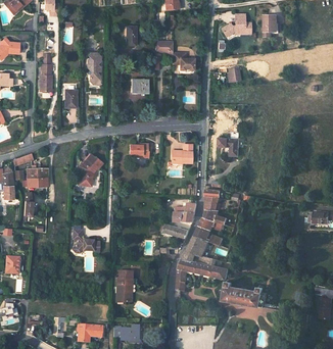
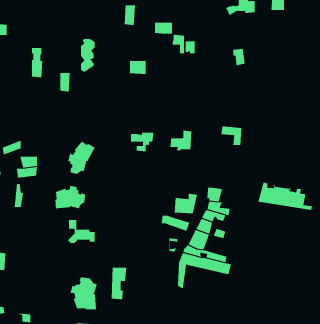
building: none -> [55,185,86,209]
building: none -> [70,276,97,310]
building: [222,282,274,308] -> [257,182,313,210]

